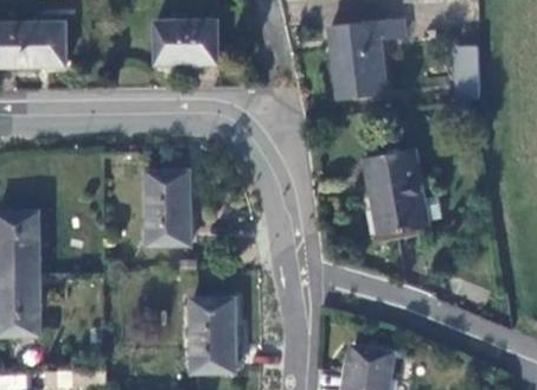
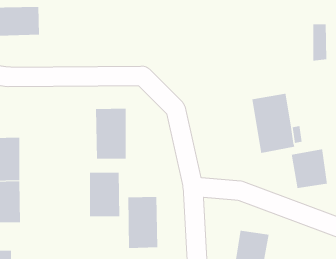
building: [328,20,402,98] -> none
building: [153,21,217,64] -> none
building: none -> [291,149,328,189]
building: none -> [89,172,120,217]

